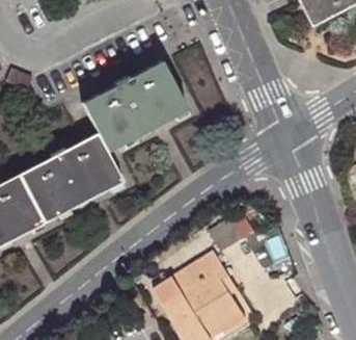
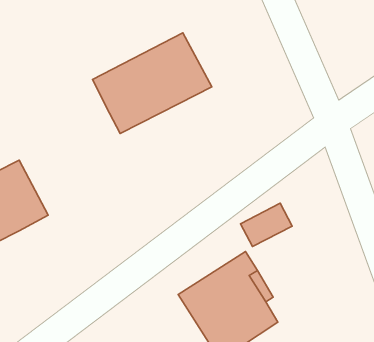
building: [19,132,121,220] -> none

